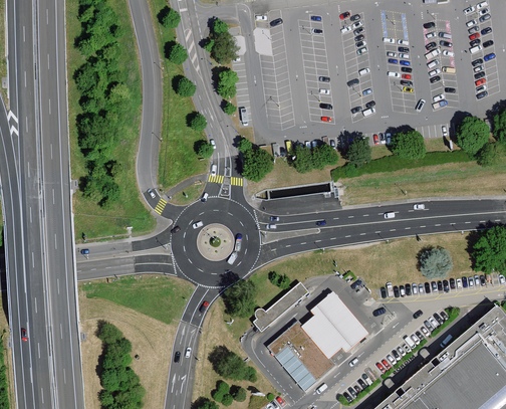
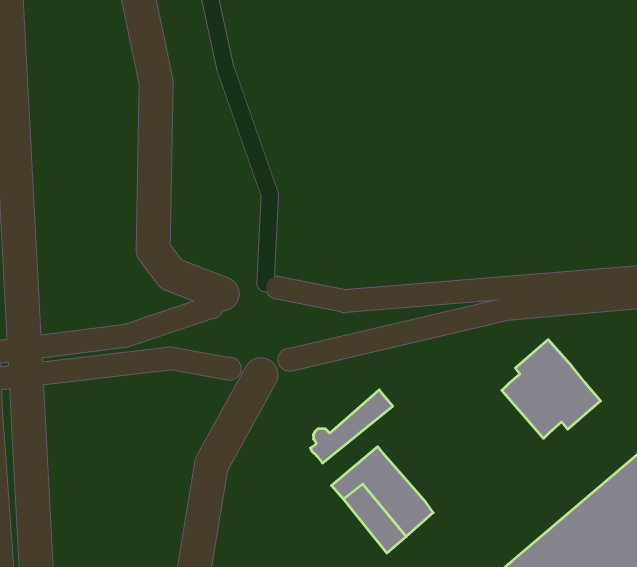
building: [302,291,368,358] -> [502,340,601,438]

